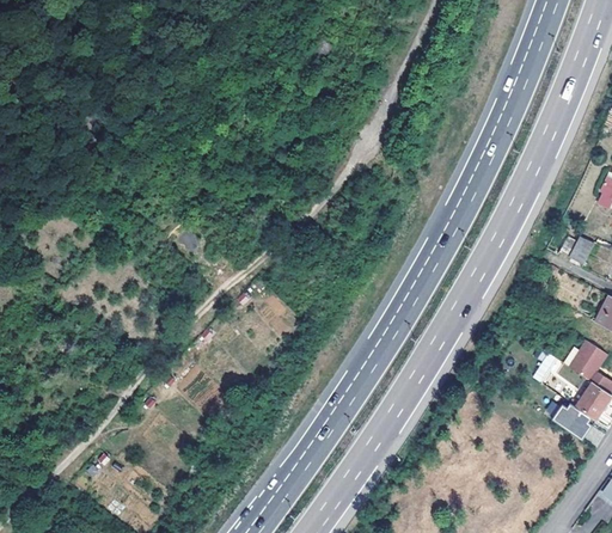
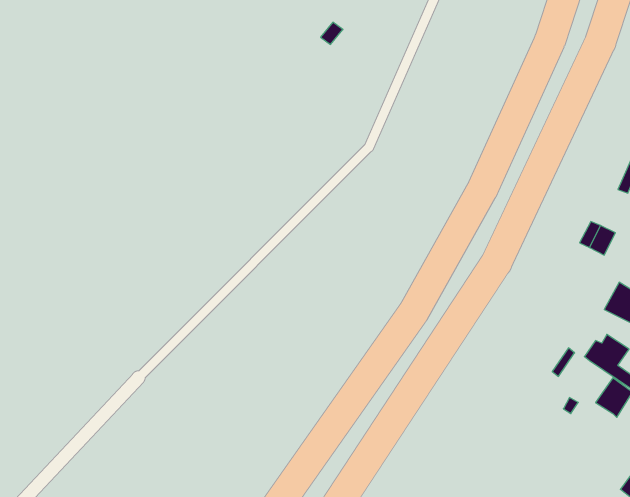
building: [557,405,595,441] -> none

